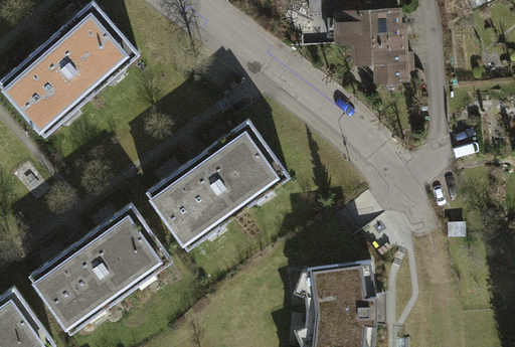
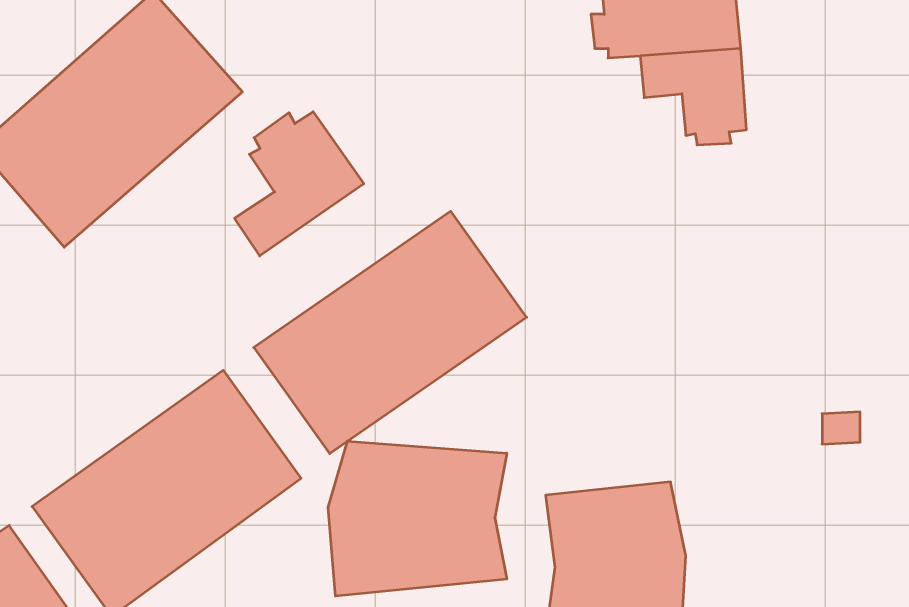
building: none -> [235,112,364,256]
building: none -> [328,441,507,596]

